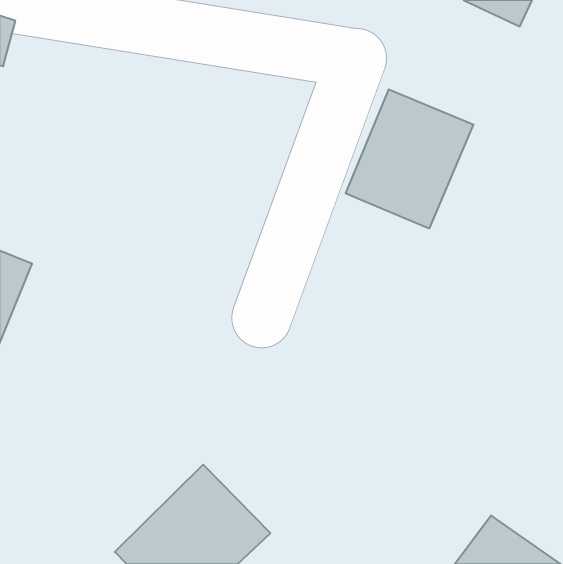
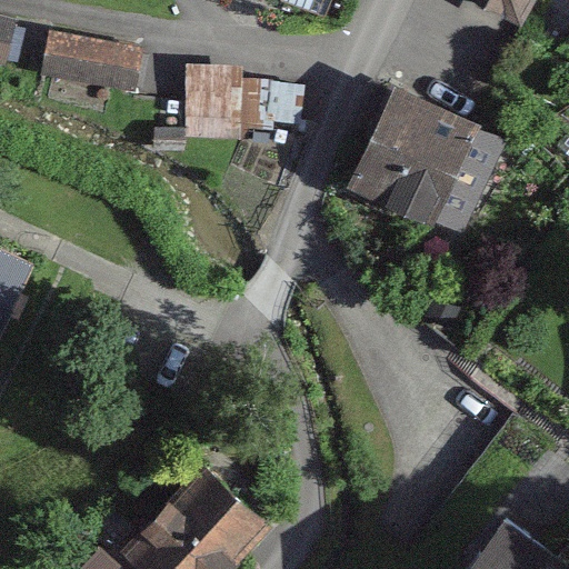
building: none -> [42,31,146,94]
building: none -> [153,64,305,151]

